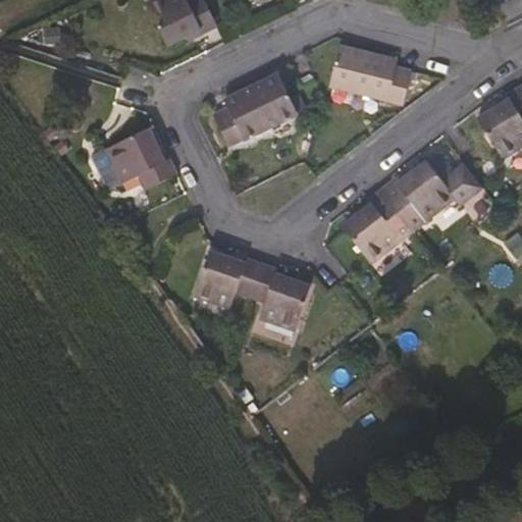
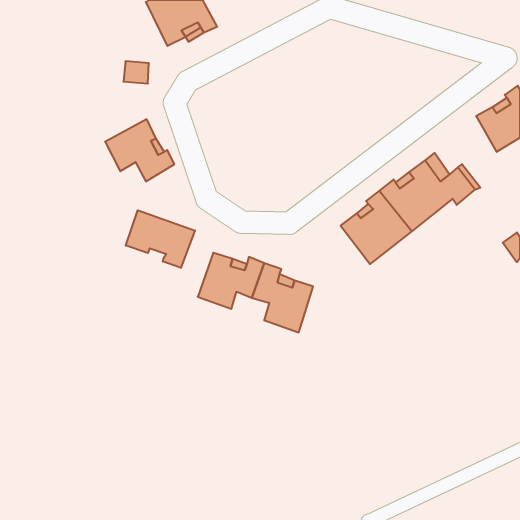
building: [331,42,414,101] -> none
building: [216,71,301,146] -> none
building: none -> [126,210,195,268]

